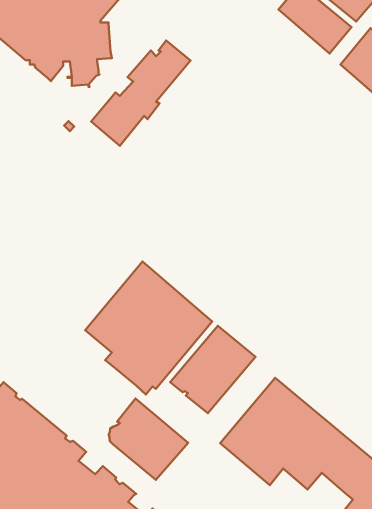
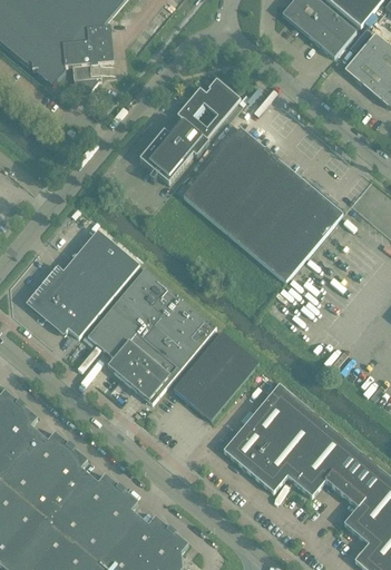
building: [91,41,191,146] -> [140,78,241,184]
building: none -> [184,128,343,282]
building: none -> [27,229,140,337]
building: [109,399,188,480] -> none

